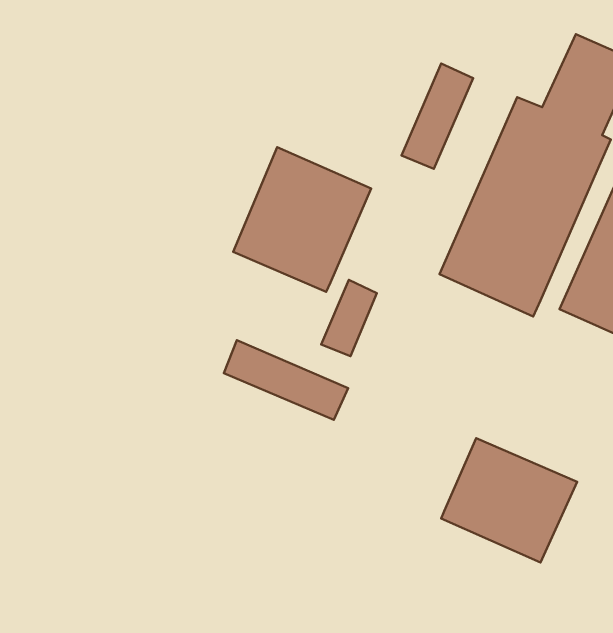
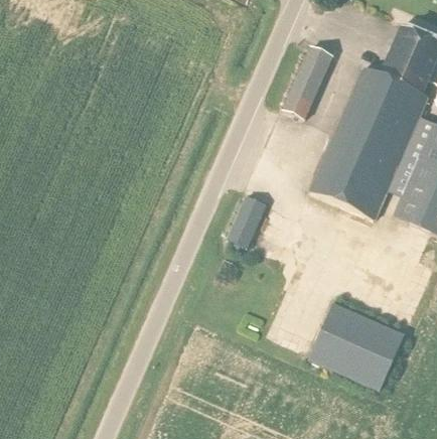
building: [233,147,371,292] -> none
building: [224,340,348,420] -> none

